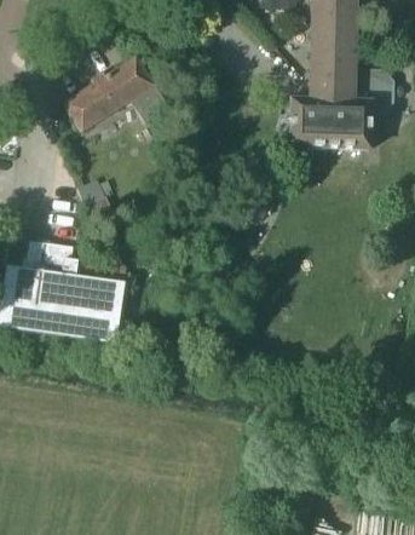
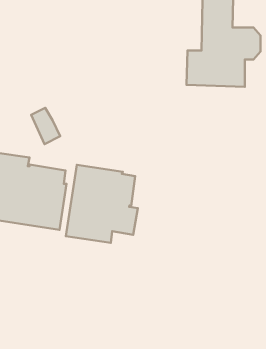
building: [64,57,171,130] -> none
building: none -> [66,165,138,243]

